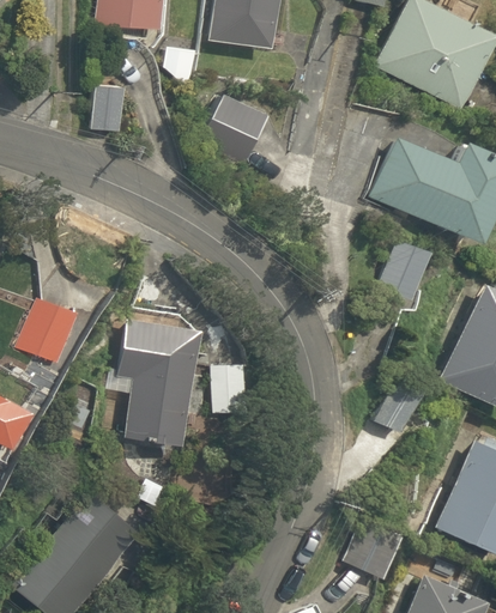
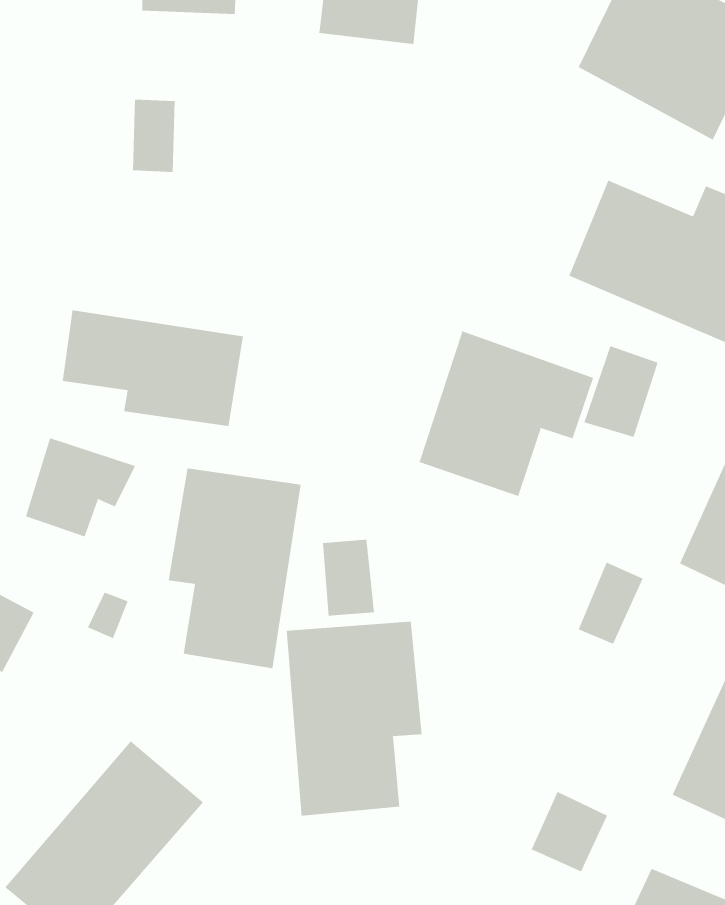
building: [204,95,268,165] -> none
building: none -> [62,310,243,427]
building: none -> [419,331,594,497]
building: none -> [286,621,422,816]

